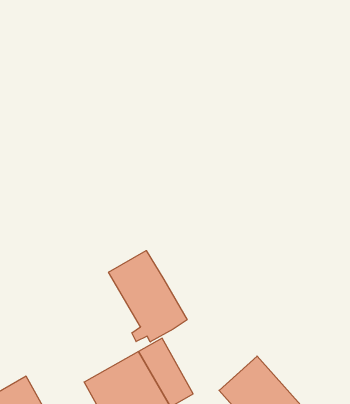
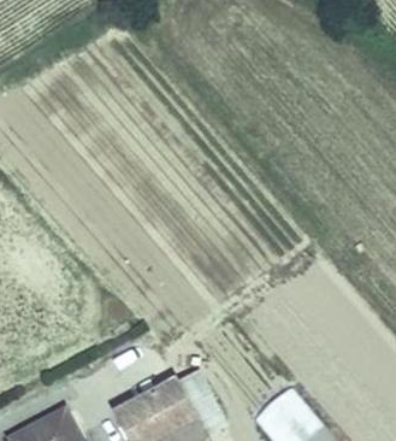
building: [109,251,187,342] -> none

